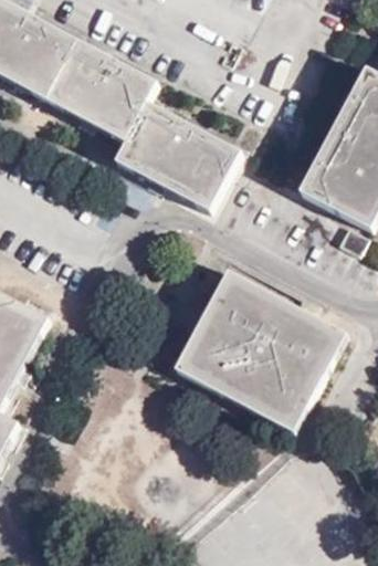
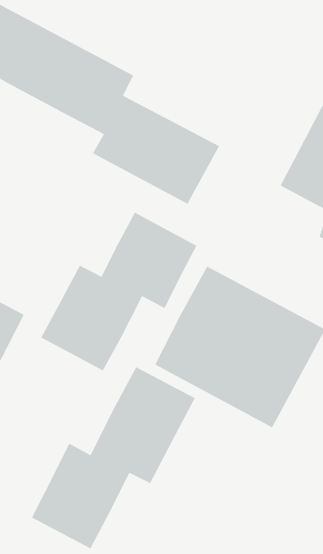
building: none -> [40,212,197,372]
building: none -> [31,366,196,549]

